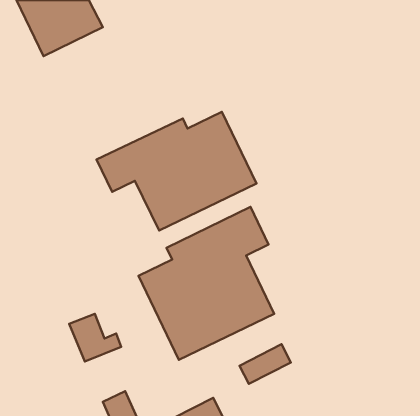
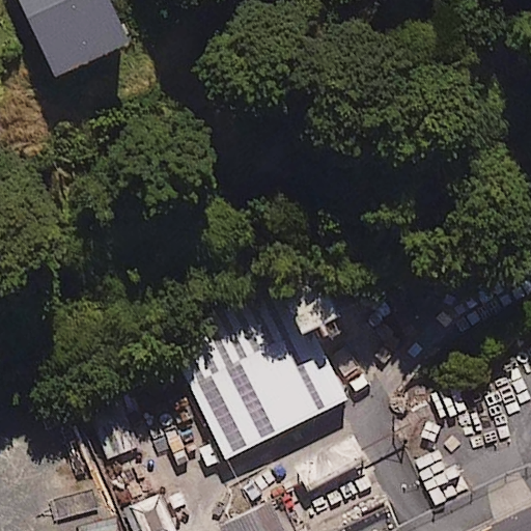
building: [97,112,257,230] -> none

